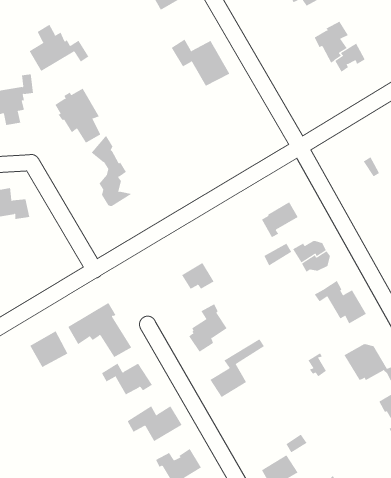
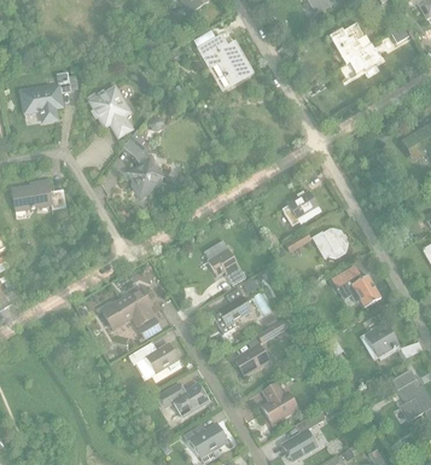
building: [29,24,89,72] -> none
building: [30,330,68,368] -> none
building: none -> [262,383,296,423]

